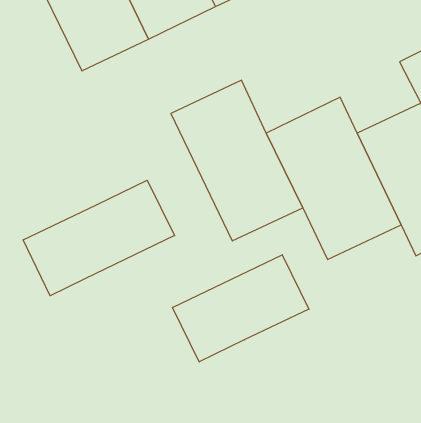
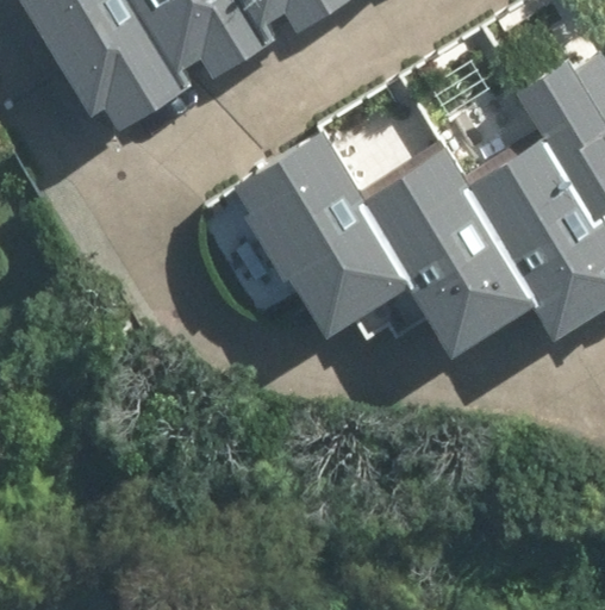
building: [23,180,175,296] -> none
building: [172,255,309,362] -> none

